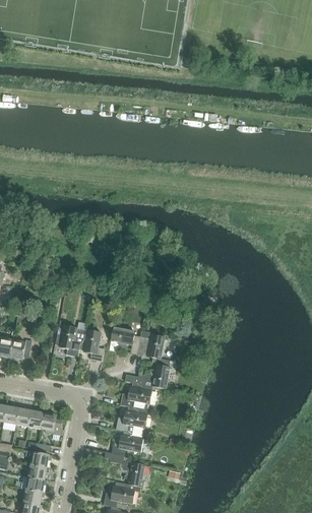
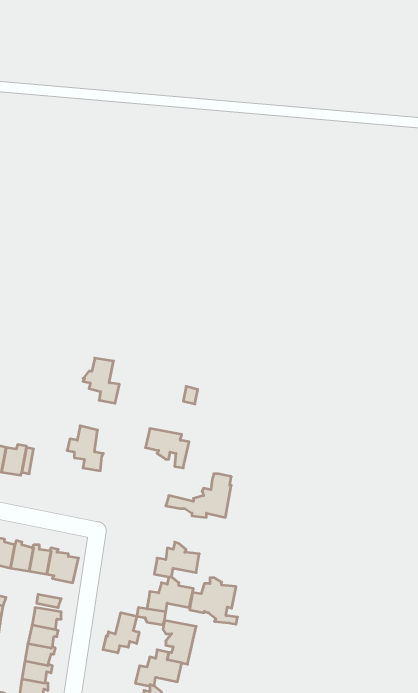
building: [78,330,104,362] -> [83,358,119,403]
building: [135,330,164,363] -> none
building: [119,383,152,415] -> [190,578,238,624]
building: none -> [103,613,139,653]

